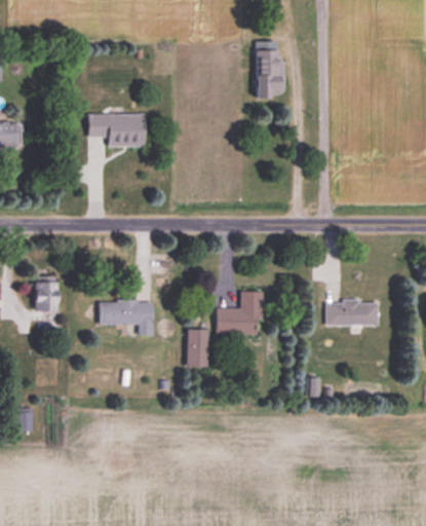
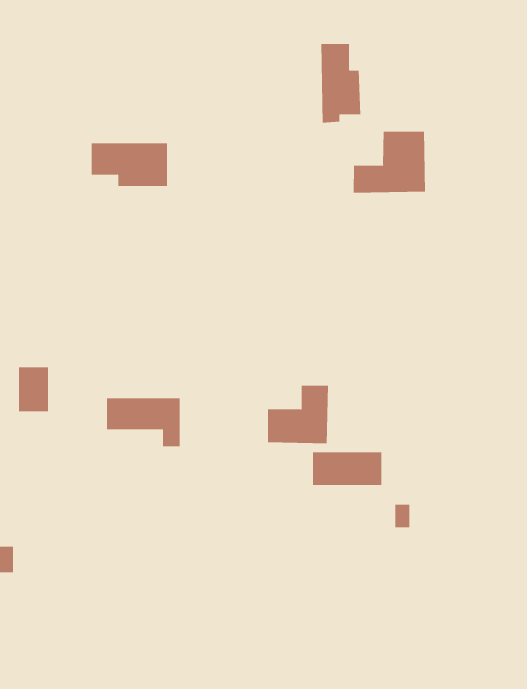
building: none -> [353,131,425,193]
building: [326,301,378,326] -> [312,452,382,486]
building: [188,331,208,368] -> none

